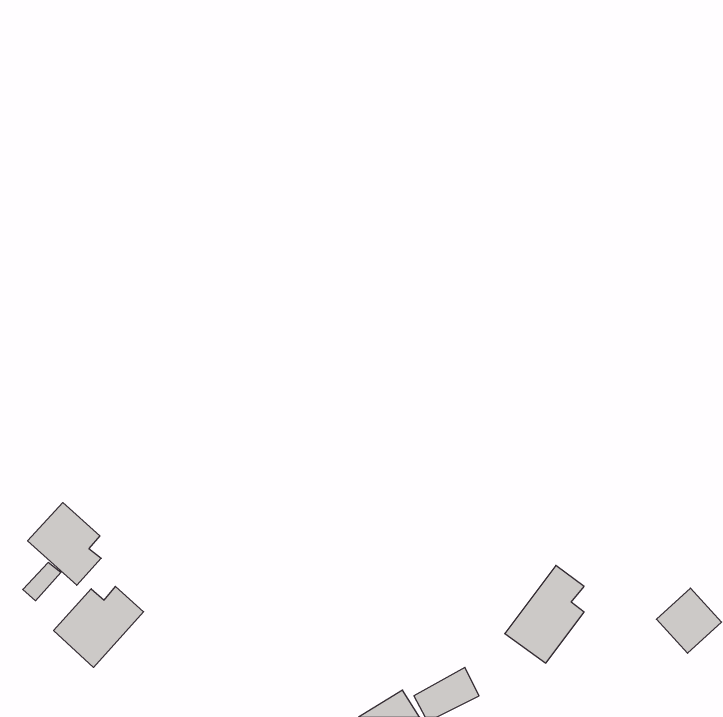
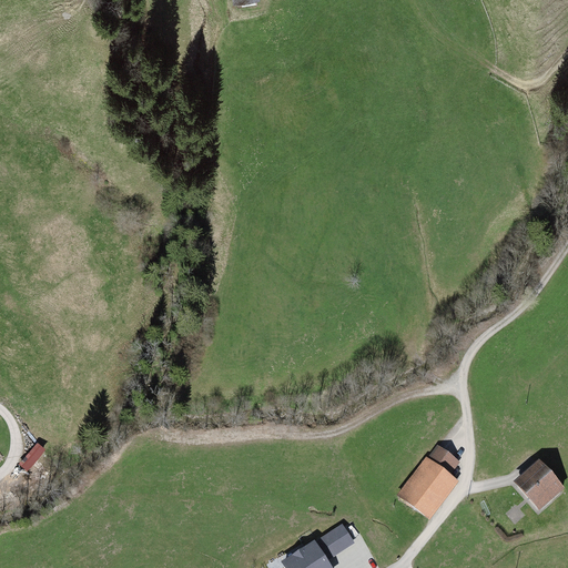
building: [28,503,101,585] -> none
building: [54,586,144,667] -> none

